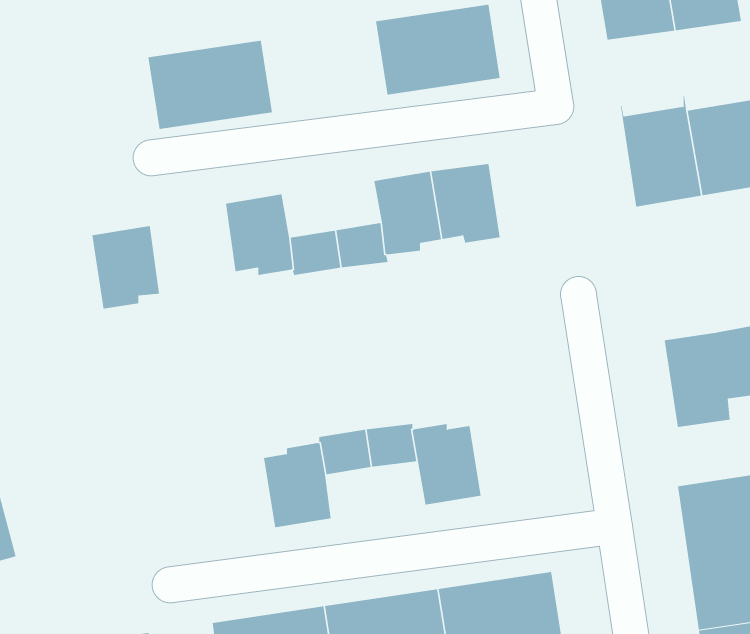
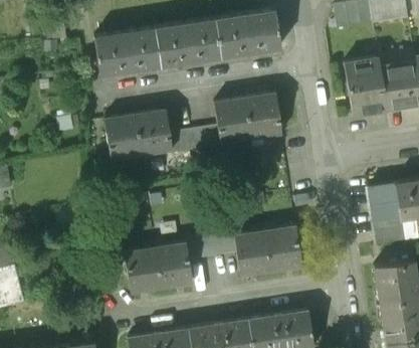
building: none -> [155,18,221,66]
building: [92,226,160,309] -> [104,115,141,159]
building: none -> [265,225,301,270]
building: none -> [126,248,162,291]

